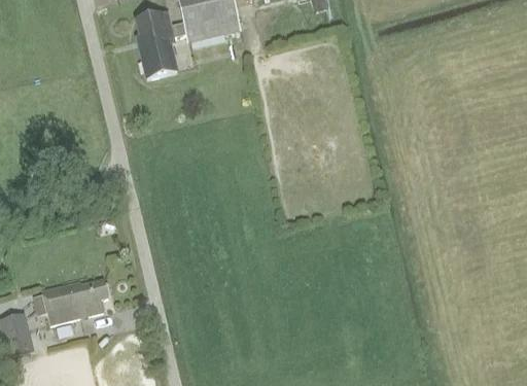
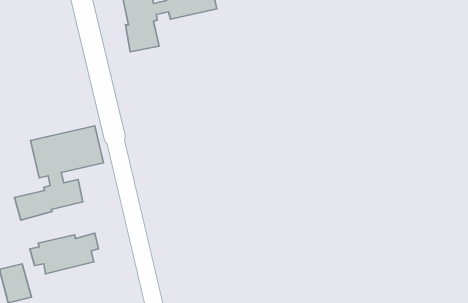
building: none -> [15,126,103,220]

